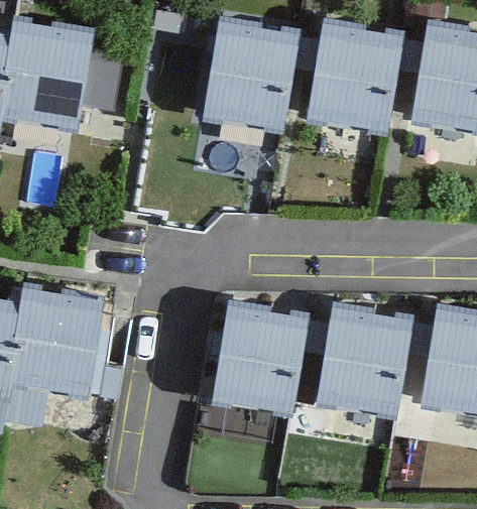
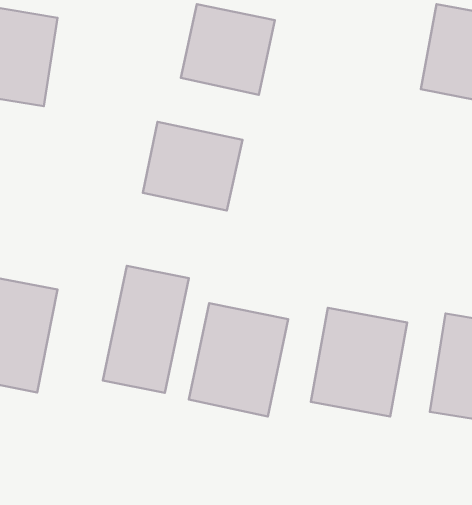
building: [310,41,394,126] -> none
building: none -> [143,122,242,210]
building: none -> [103,266,189,393]

